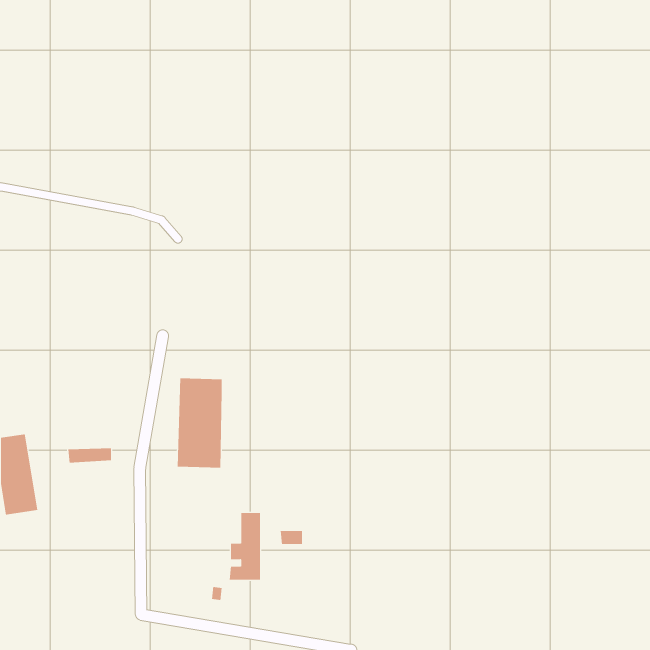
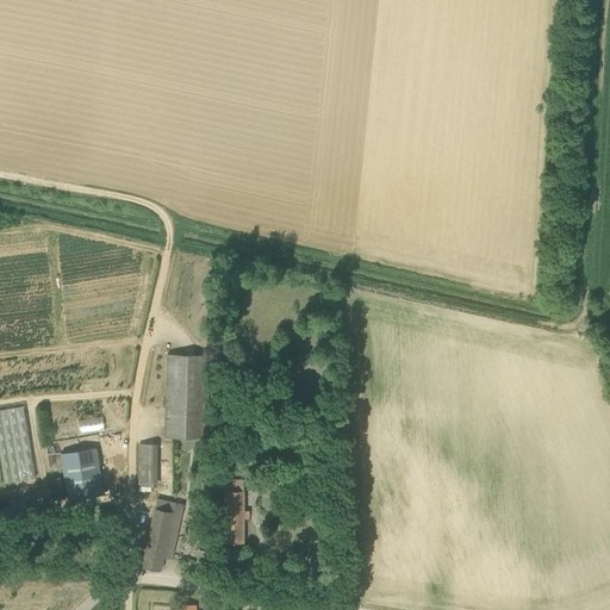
building: none -> [138,442,160,490]
building: none -> [61,447,104,500]
building: none -> [143,498,183,569]

